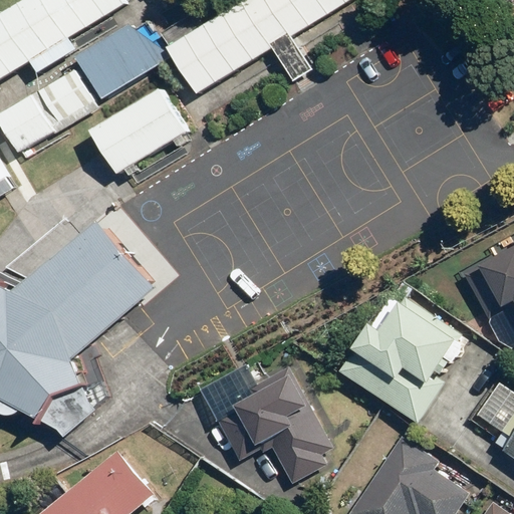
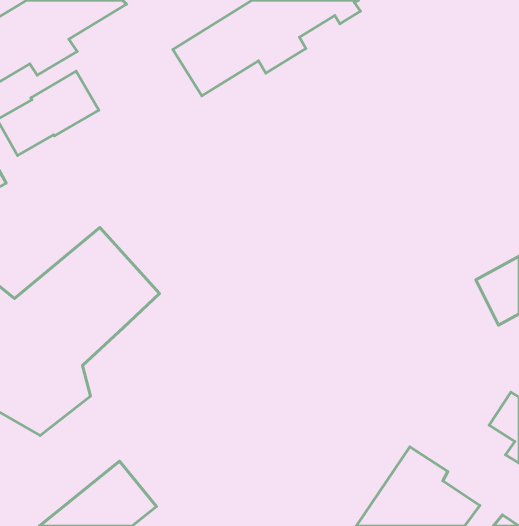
building: [74,24,172,99] -> none
building: [91,89,186,174] -> none
building: [338,296,463,423] -> none
building: [215,365,332,484] -> none

